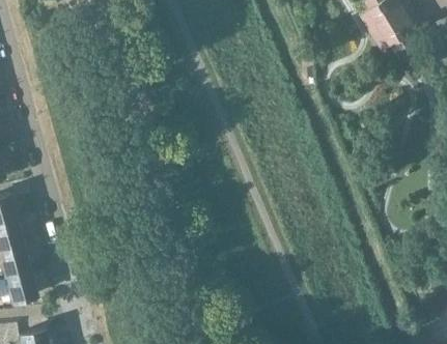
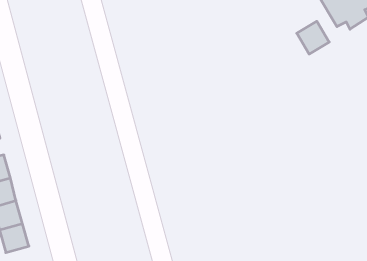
building: none -> [297,21,329,54]

